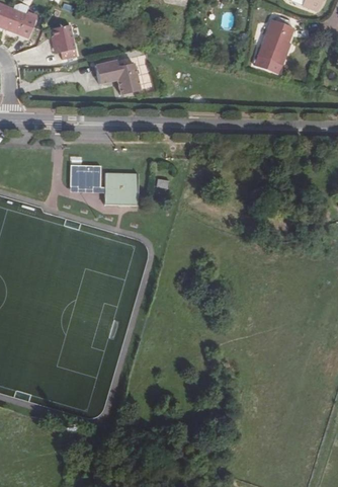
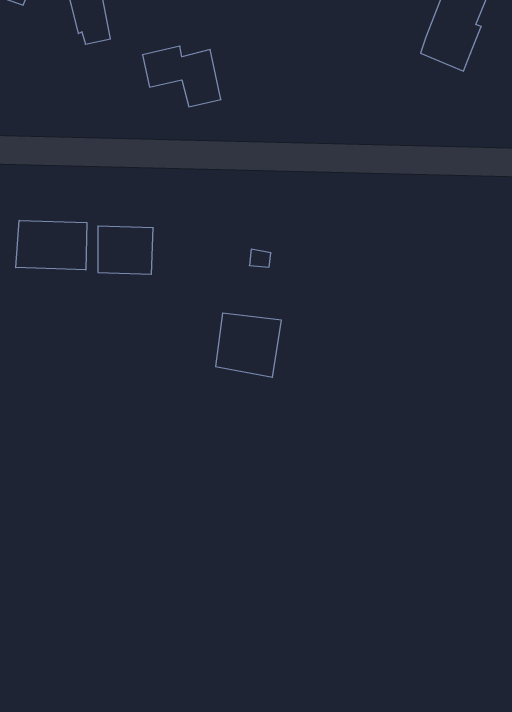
building: none -> [16,220,87,270]
building: [105,168,143,205] -> [216,313,281,377]

